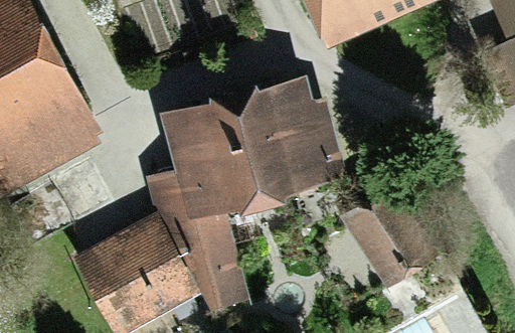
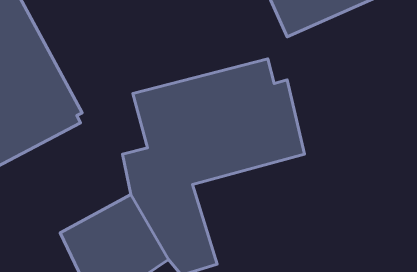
building: [340,187,433,289] -> none

